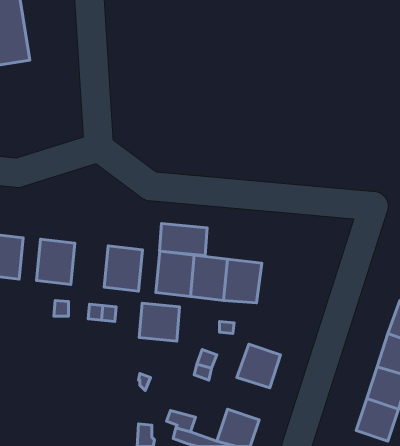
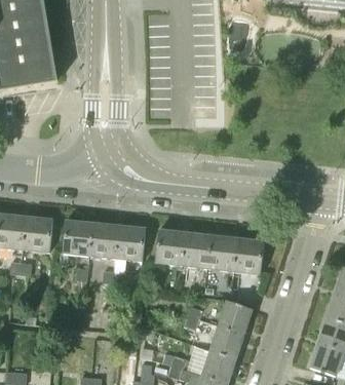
building: [159,223,207,256] -> none
building: none -> [89,224,118,258]
building: none -> [233,239,264,273]
building: [139,303,179,341] -> none
building: none -> [210,328,243,360]

